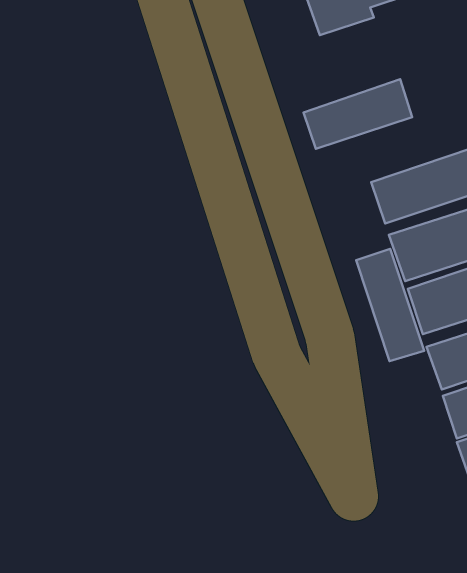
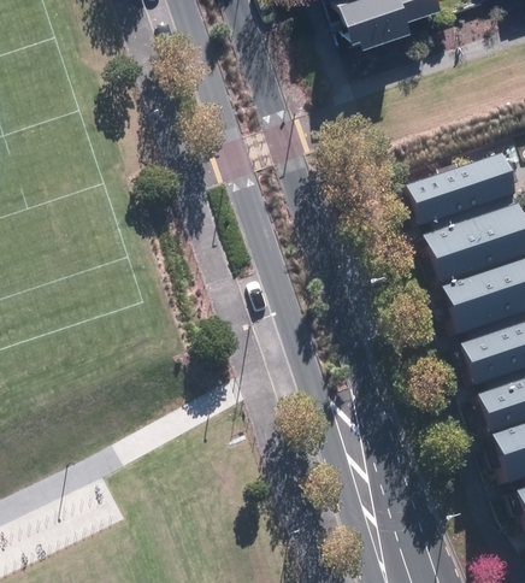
building: [304,79,412,149] -> none
building: [356,249,424,361] -> none

